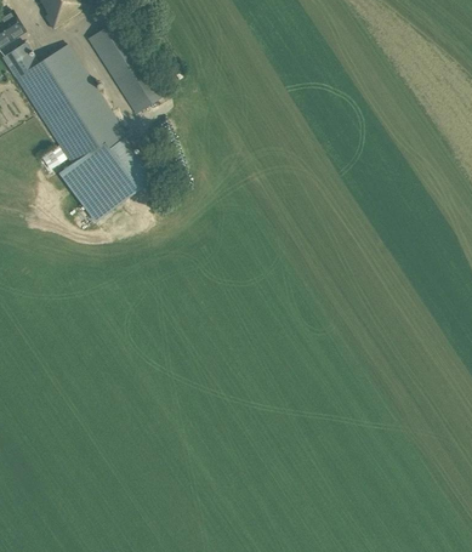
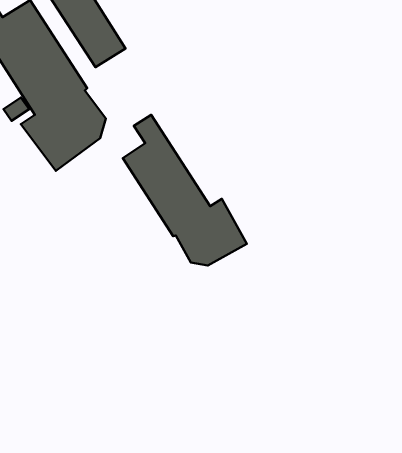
building: none -> [123,115,247,266]

